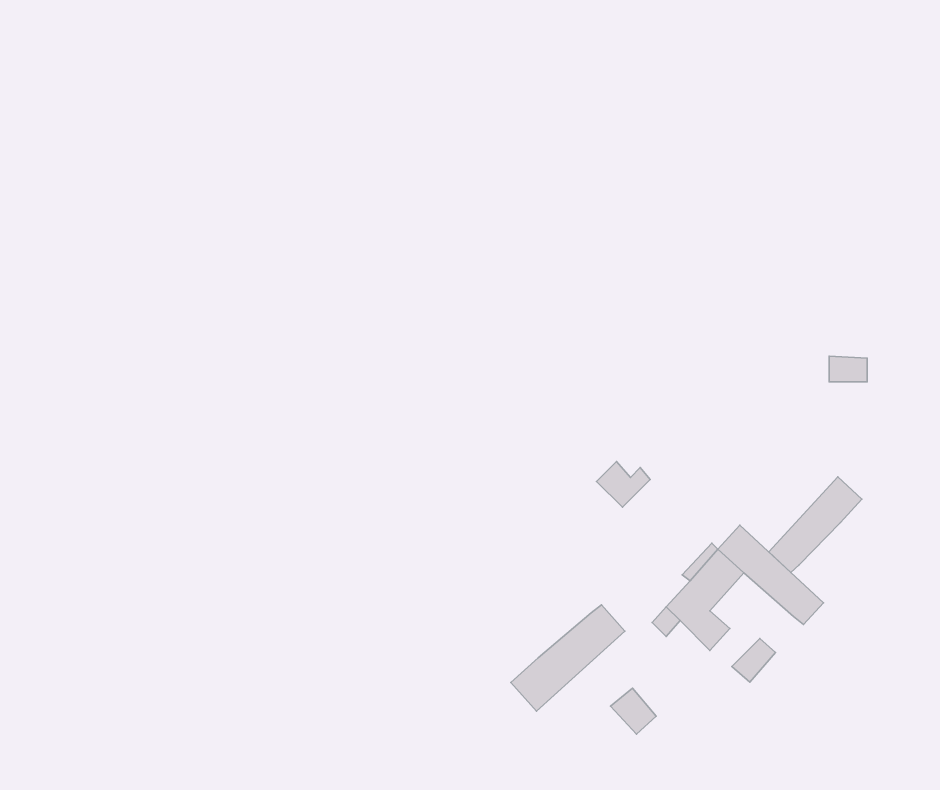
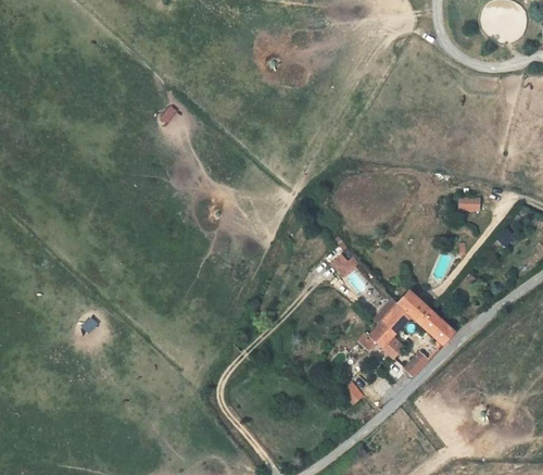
building: [769,477,862,573] -> none
building: [511,605,625,711] -> none

